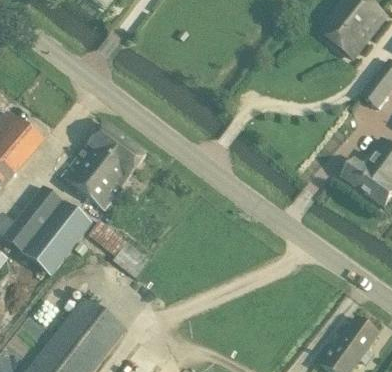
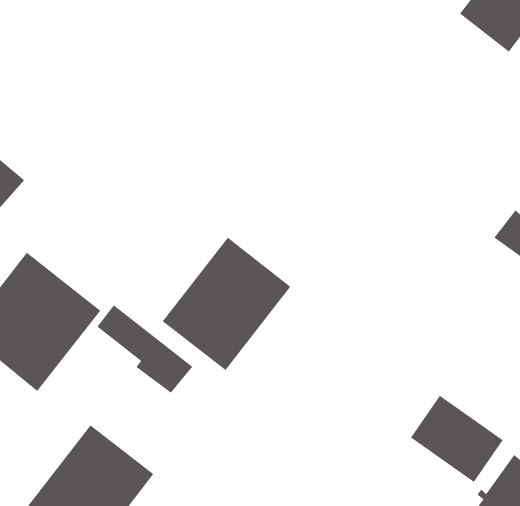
building: [63,123,146,209] -> [162,237,291,371]
building: none -> [410,395,503,483]

